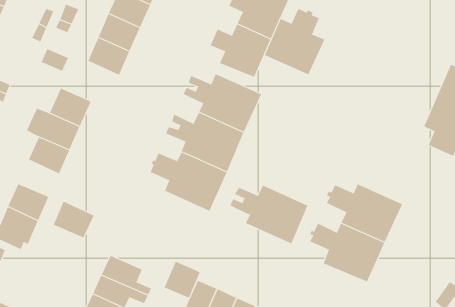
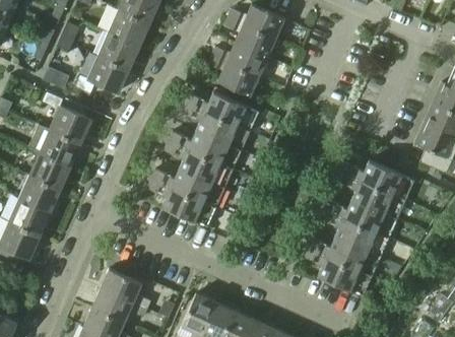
building: [264,8,325,75] -> none
building: [229,185,308,244] -> [336,159,413,217]
building: [53,201,94,238] -> [19,175,60,211]
building: [164,261,201,299] -> none

